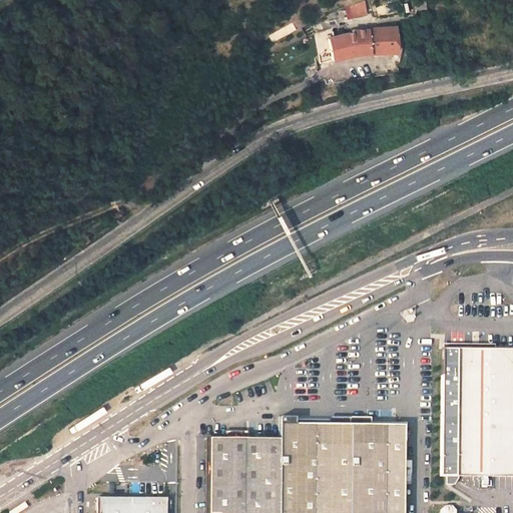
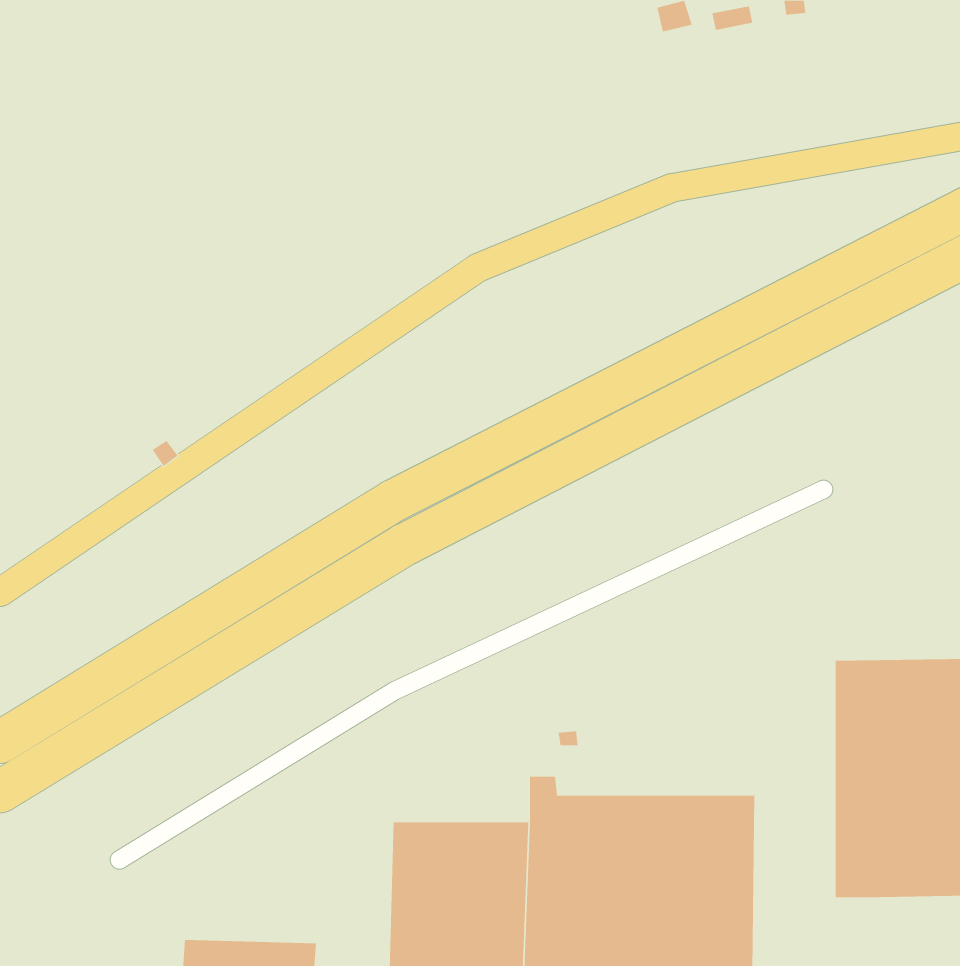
building: [320,28,399,65] -> none

